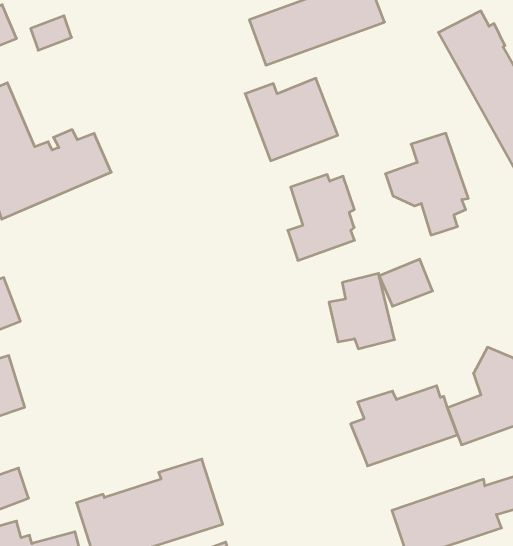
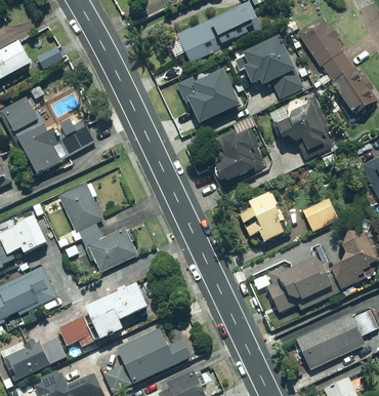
building: none -> [237,36,304,100]
building: none -> [58,180,138,273]
building: [379,259,433,306] -> [303,198,338,230]
building: none -> [58,283,146,347]

